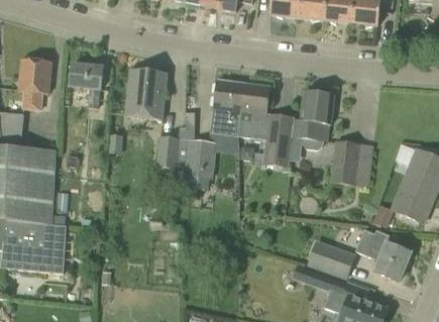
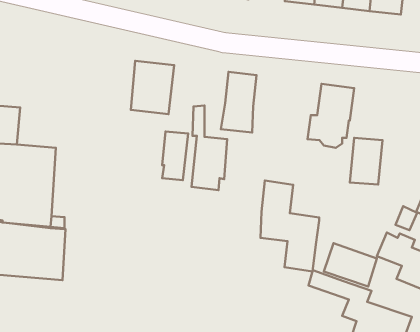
building: [18,59,51,110] -> none
building: [70,63,103,107] -> none
building: [239,82,294,167] -> [261,181,319,272]

